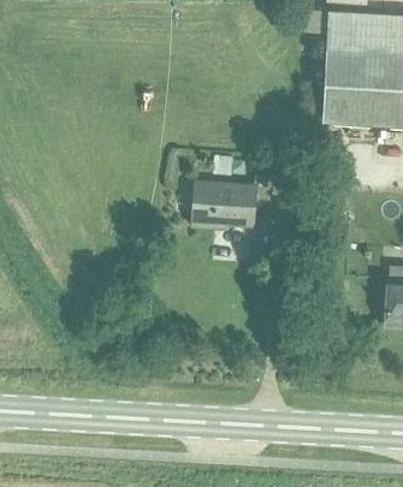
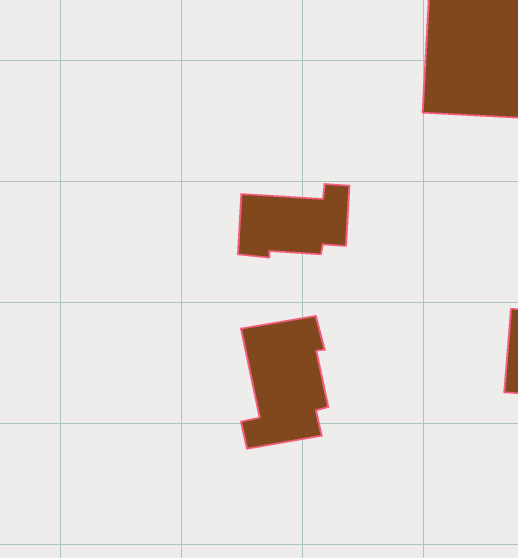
building: none -> [241,316,328,449]

